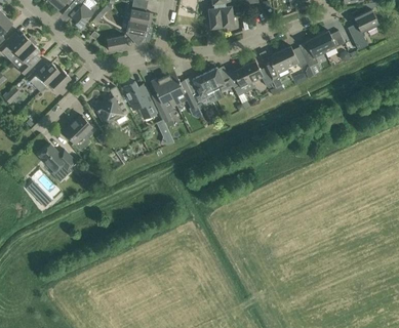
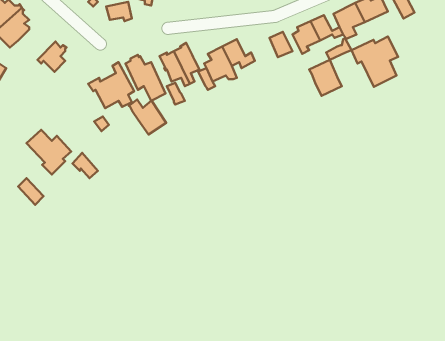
building: [27,63,63,90] -> none
building: none -> [352,36,398,87]
building: [227,67,254,97] -> [309,60,342,96]
building: [64,116,92,145] -> none
building: none -> [129,100,166,135]

